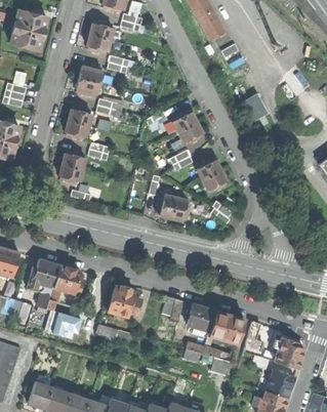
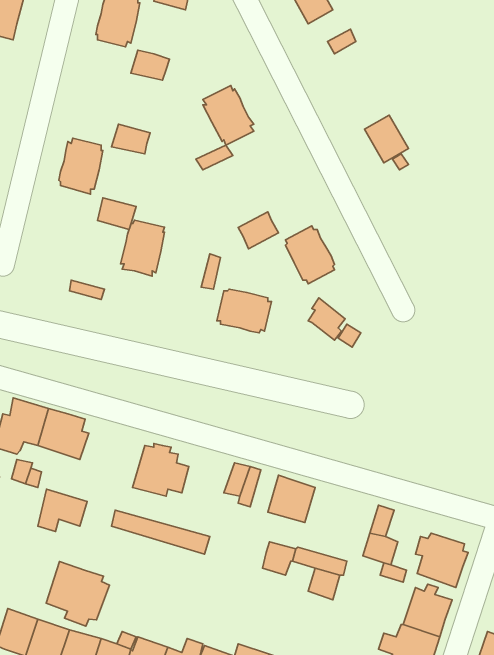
building: [75,64,101,96] -> none
building: [172,110,202,145] -> [203,85,254,145]
building: [58,151,84,183] -> [121,220,164,276]
building: [207,311,244,343] -> none
building: none -> [46,561,110,626]

